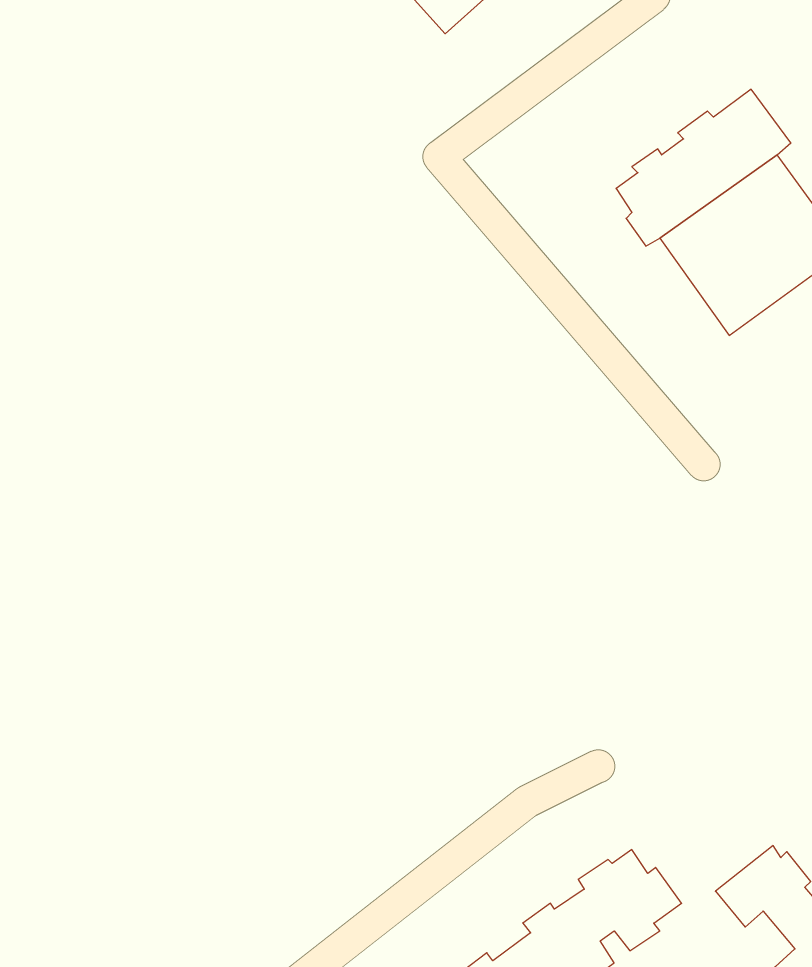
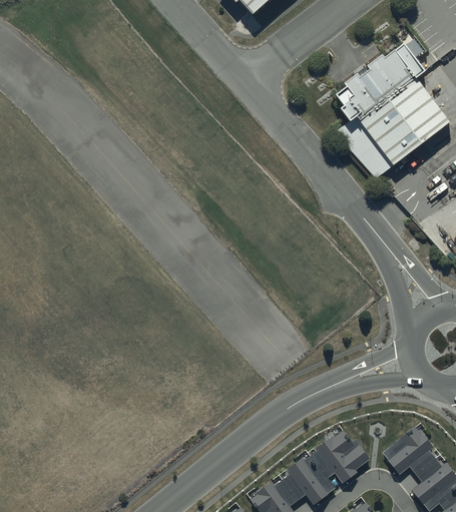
building: none -> [335,121,393,182]

